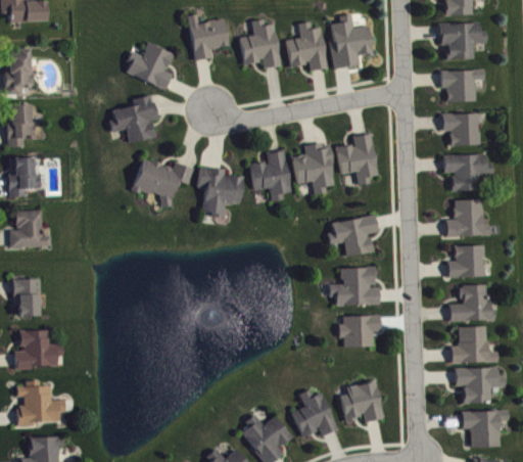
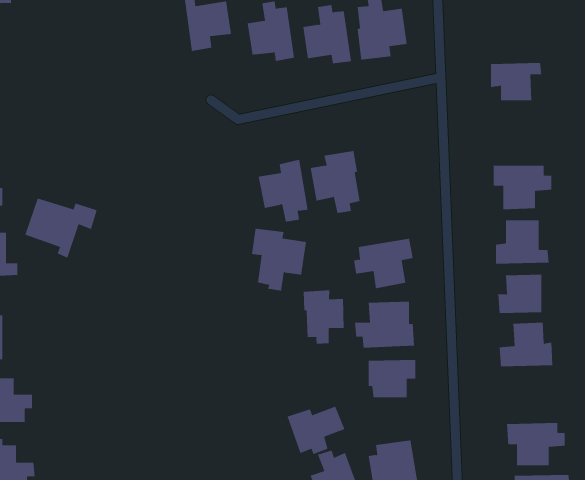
building: [439,22,486,59] -> none
building: [126,42,174,89] -> none
building: [109,95,157,142] -> none
building: [441,113,479,145] -> none
building: [336,133,378,185] -> none
building: [133,157,193,207] -> [25,198,98,258]
building: [197,166,243,218] -> [251,228,307,291]
building: none -> [303,290,344,345]
building: [450,326,497,363] -> none
building: none -> [287,406,345,455]

